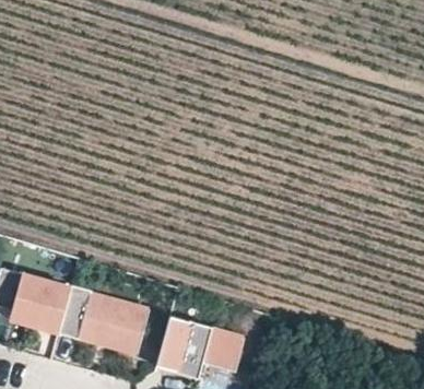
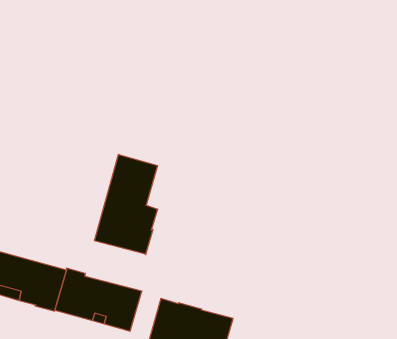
building: none -> [95,154,158,255]

